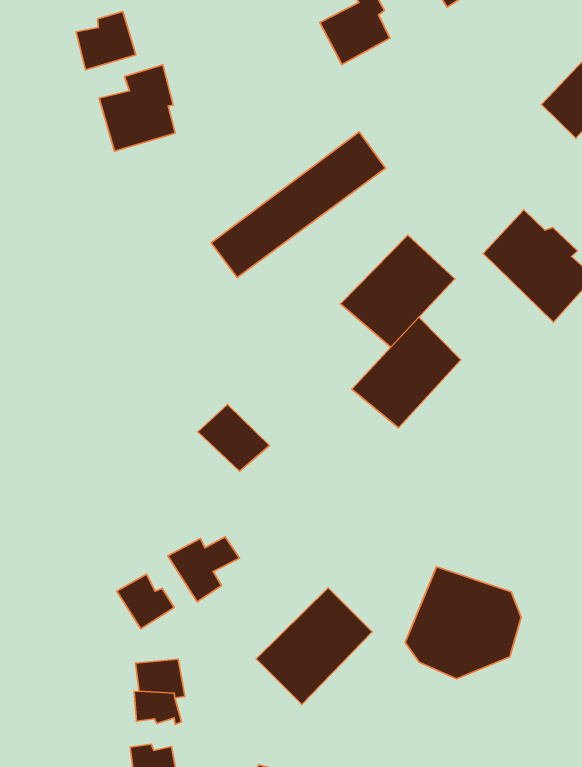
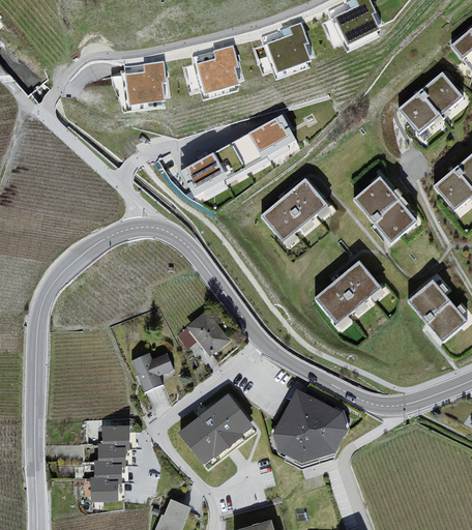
building: [76,12,136,70] -> none
building: none -> [197,39,243,90]
building: [352,317,461,428] -> [312,260,382,327]
building: [198,405,269,471] -> [186,312,230,354]
building: [117,574,174,629] -> none
building: none -> [94,460,121,480]

